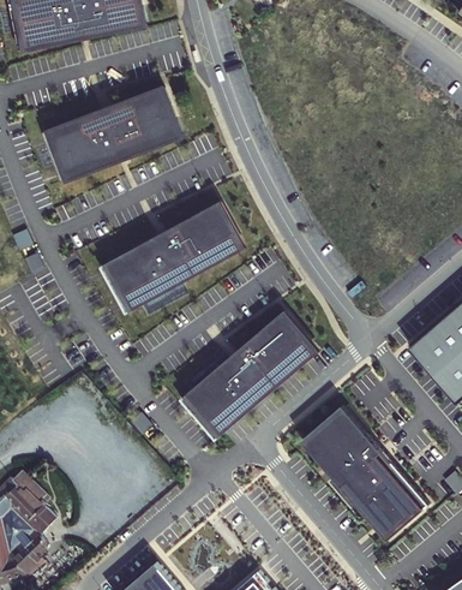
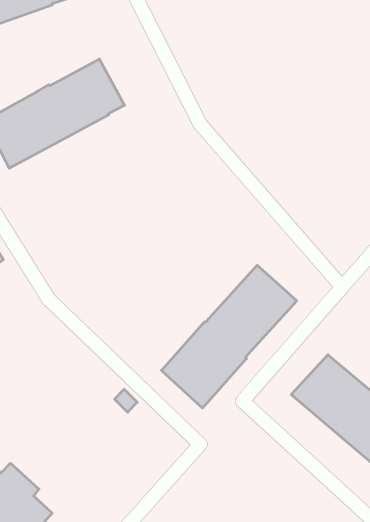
building: [100,201,246,314] -> none

